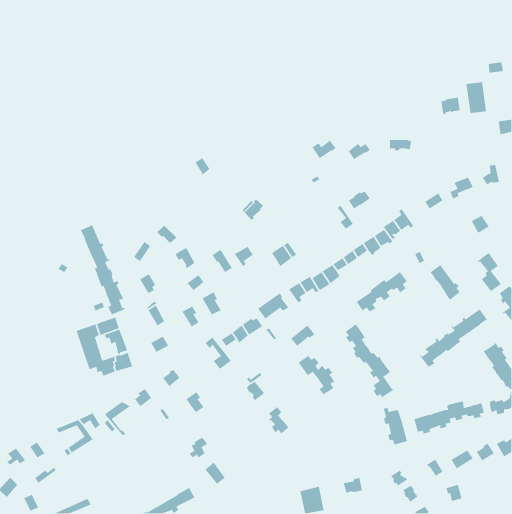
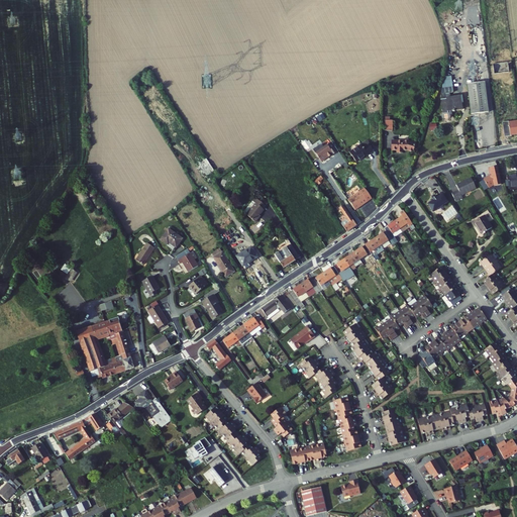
building: [80,224,126,315] -> none
building: [355,271,408,313] -> [381,297,433,338]
building: none -> [333,397,364,451]
building: none -> [205,406,262,467]
building: none -> [288,440,324,464]

